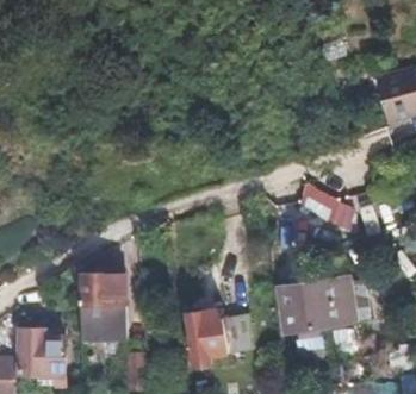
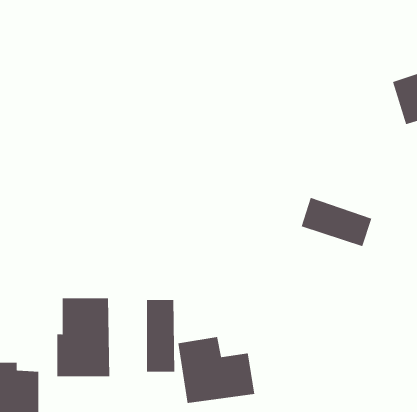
building: none -> [147,299,175,373]
building: [277,276,353,343] -> none

